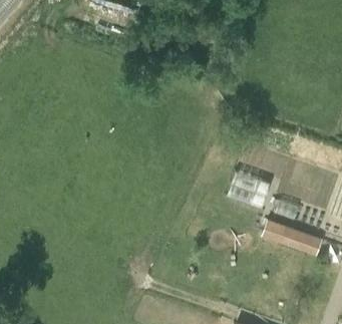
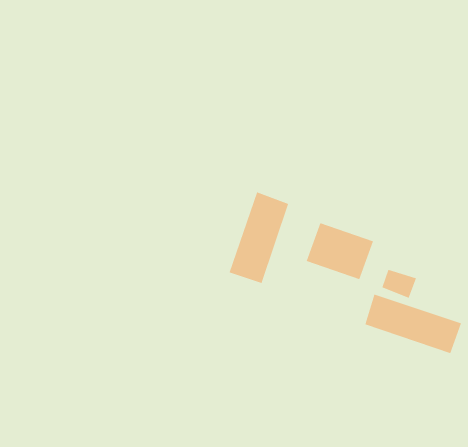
building: none -> [229,191,289,284]

